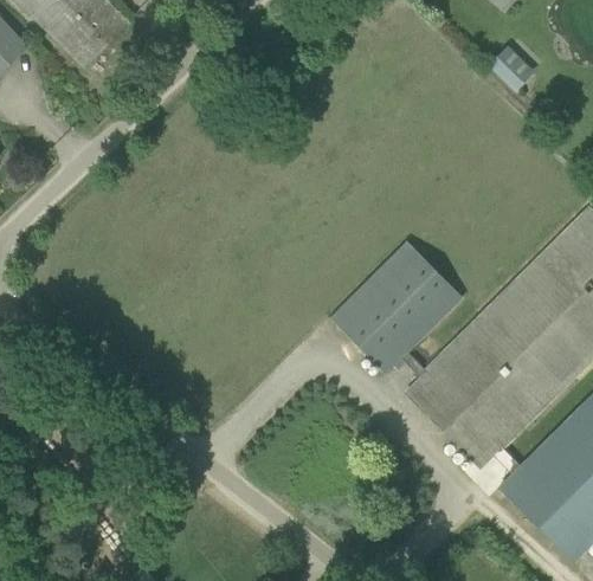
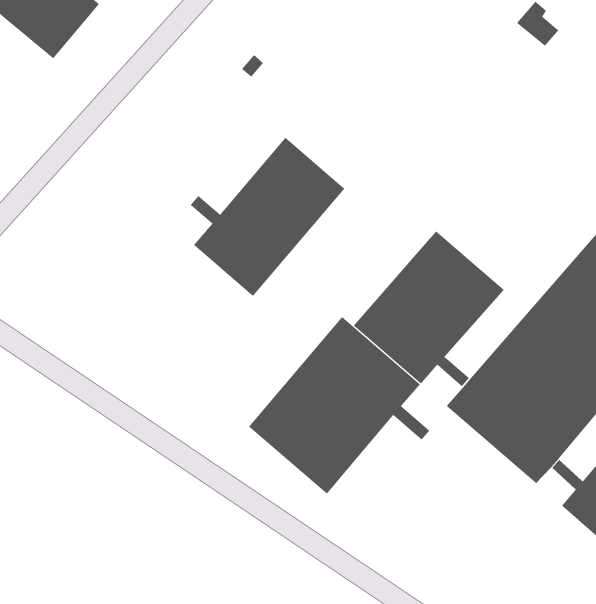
building: none -> [190,137,345,297]
building: none -> [248,316,430,495]

